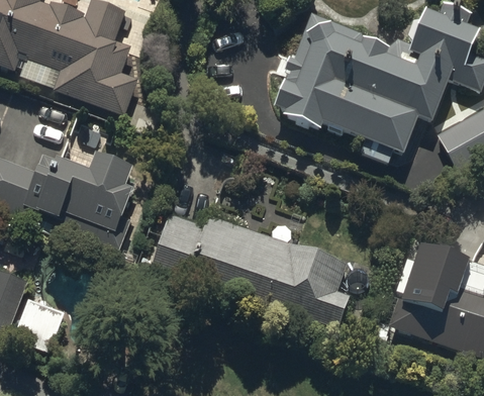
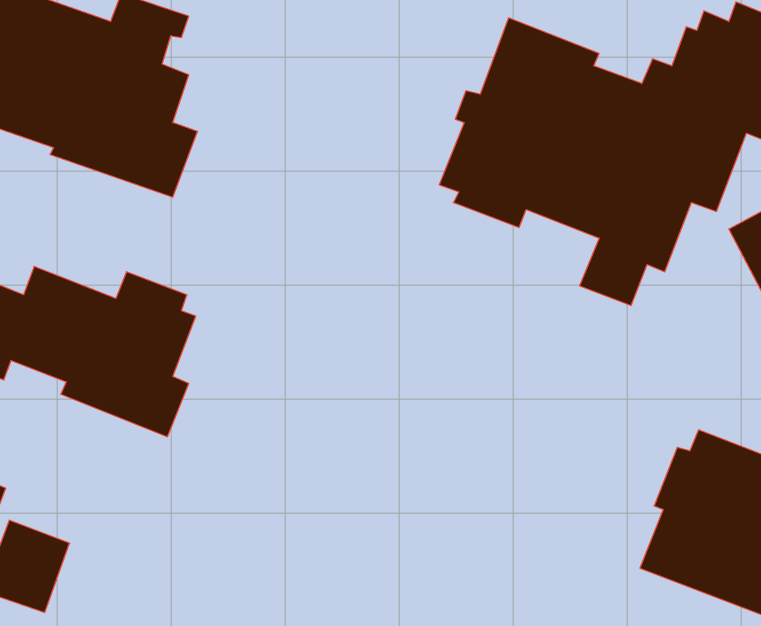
building: [153,212,350,326] -> none

